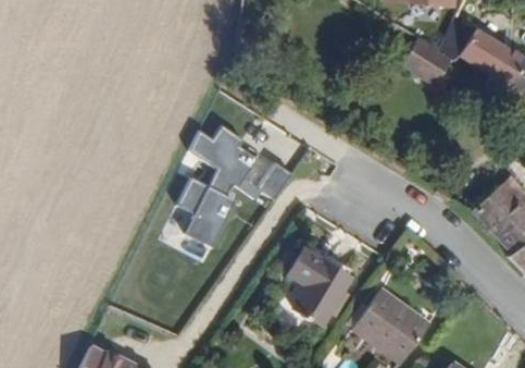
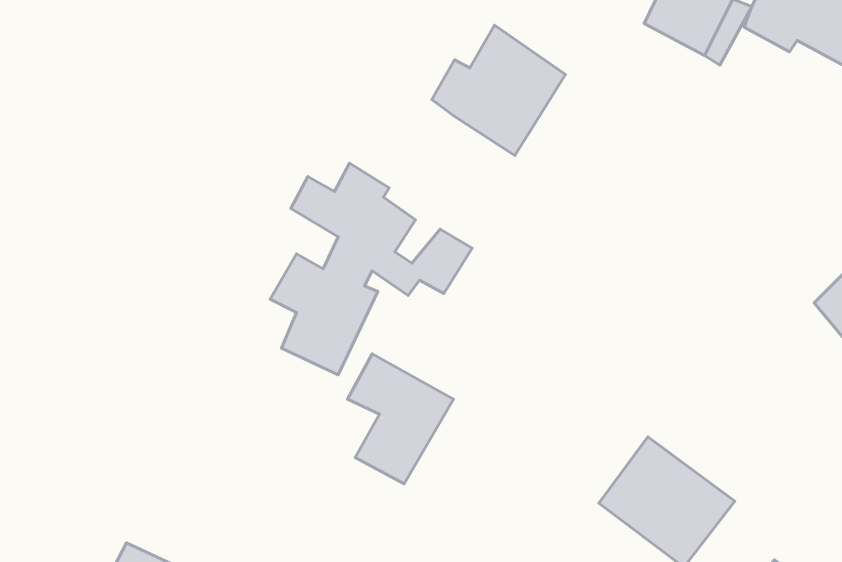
building: none -> [432,25,566,155]
building: [292,247,353,322] -> [348,354,453,484]

